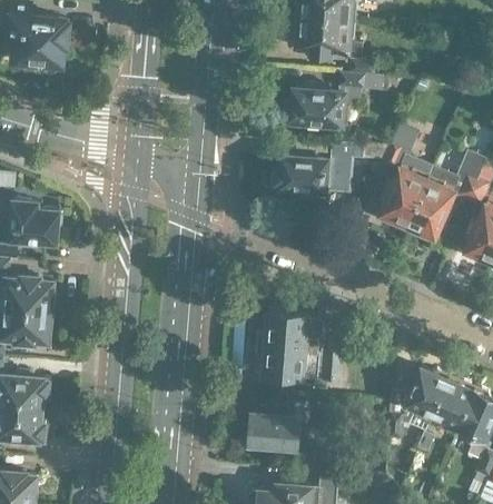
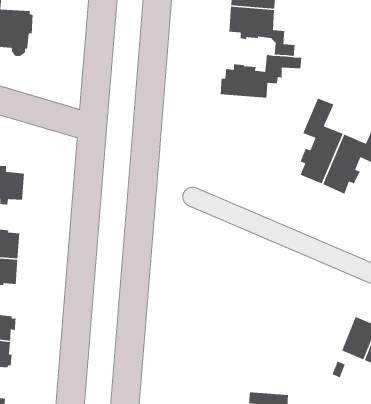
building: [275,140,390,195] -> none
building: [256,308,341,382] -> none
building: [390,368,446,439] -> none
building: [248,402,308,448] -> none

